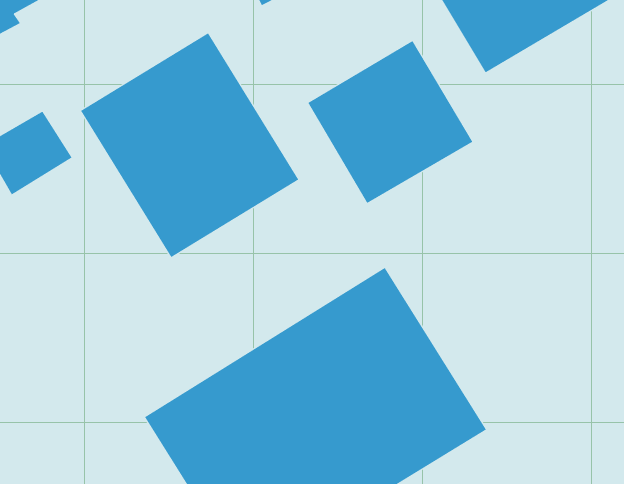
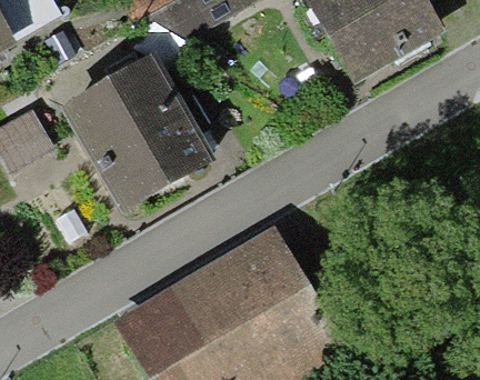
building: [308,40,473,204] -> none

